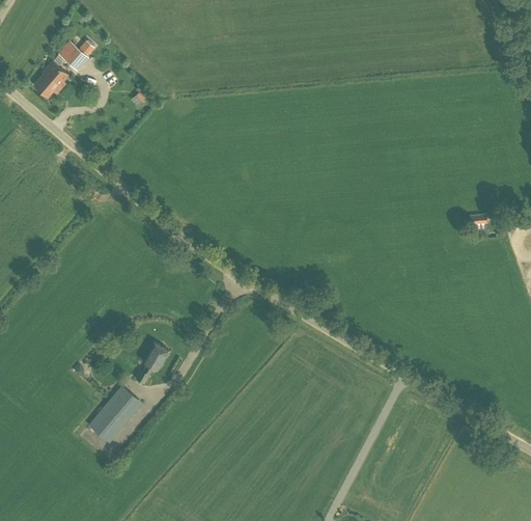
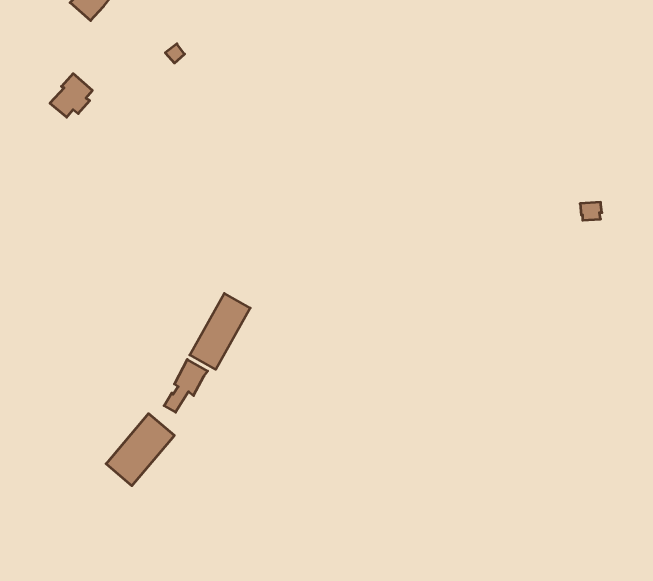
building: [33,62,67,98] -> [50,74,92,117]
building: none -> [190,293,250,369]

